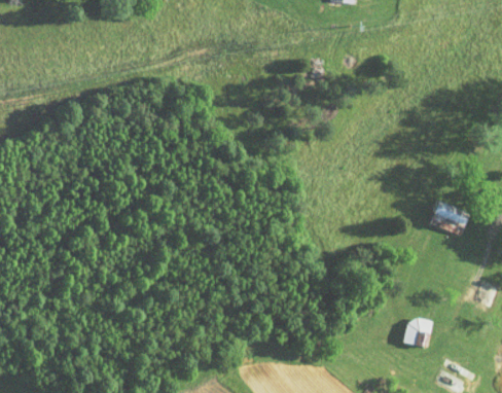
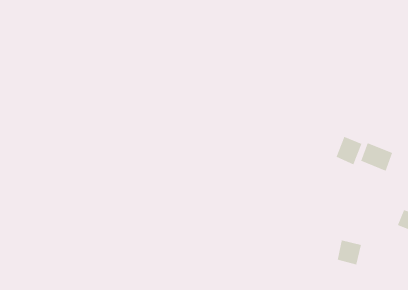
building: none -> [336,136,363,165]

